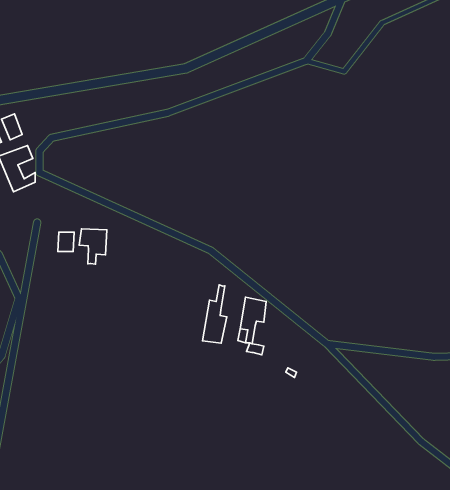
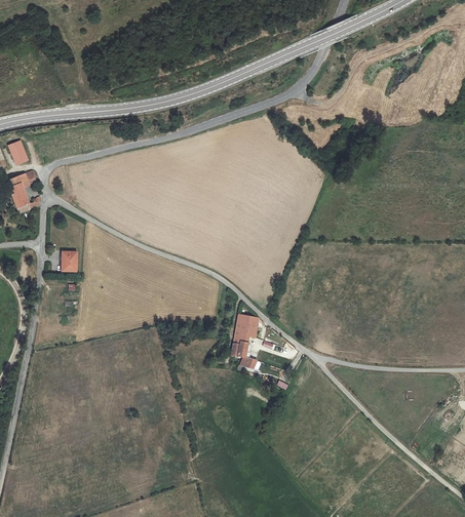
building: [79,229,107,264] -> none
building: [203,285,227,343] -> none

